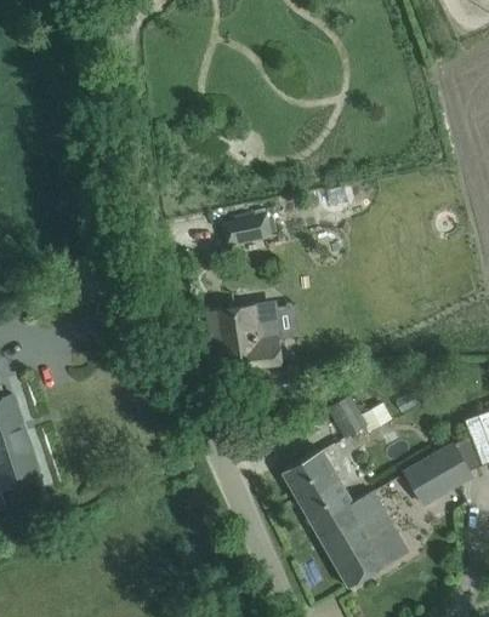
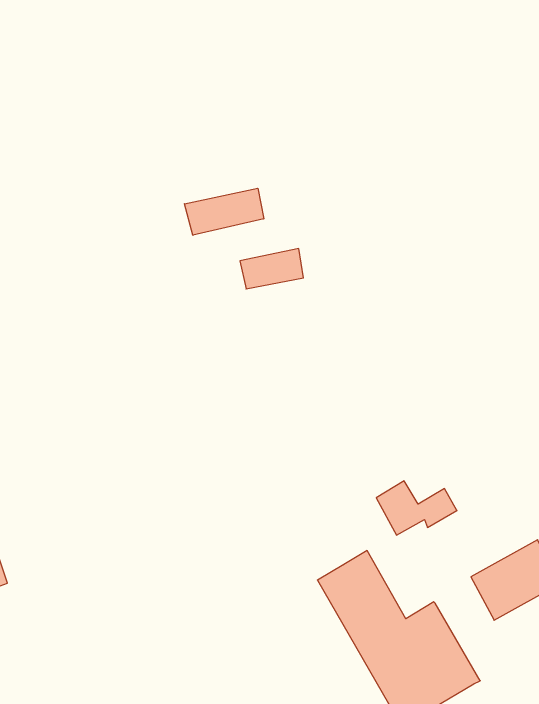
building: none -> [184,188,264,235]
building: [206,303,279,372] -> none

